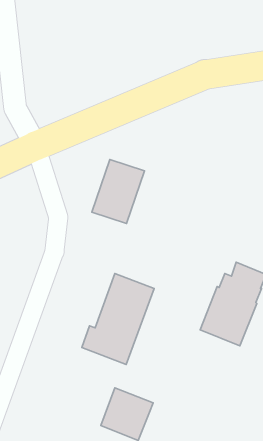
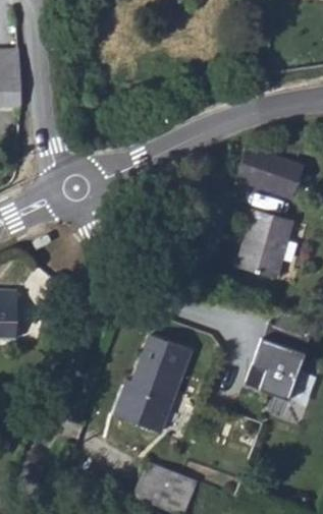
building: none -> [238,146,307,199]
building: [92,160,145,223] -> [237,210,294,279]

